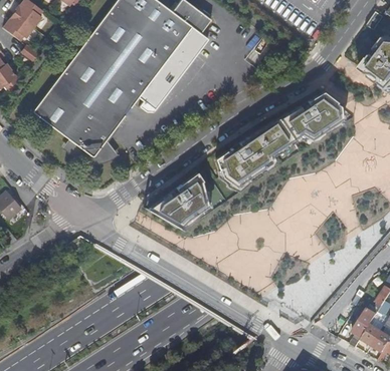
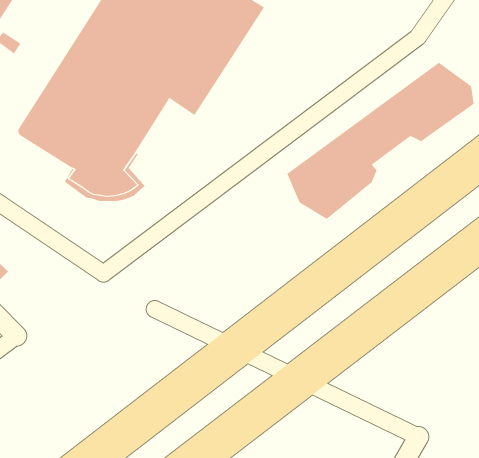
building: [148,171,210,228] -> none

